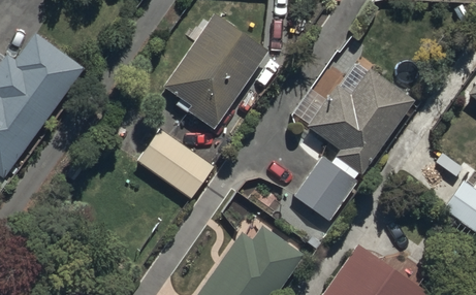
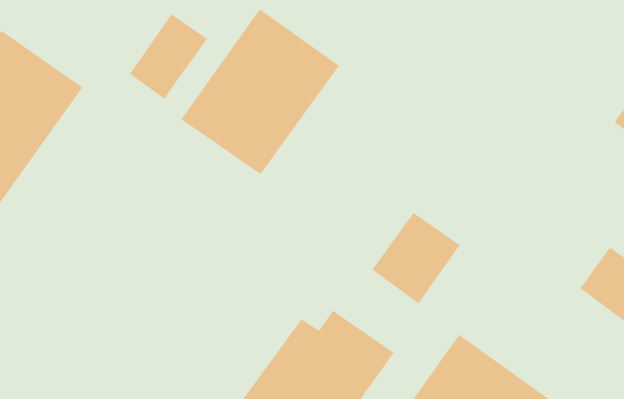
building: none -> [129,14,208,100]
building: [304,69,412,169] -> none
building: [137,131,213,200] -> none

